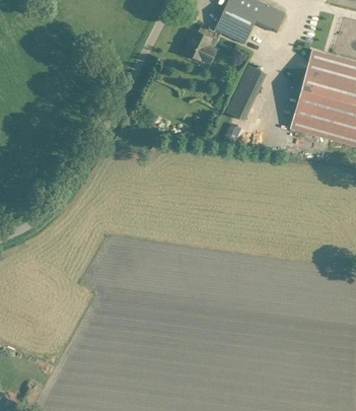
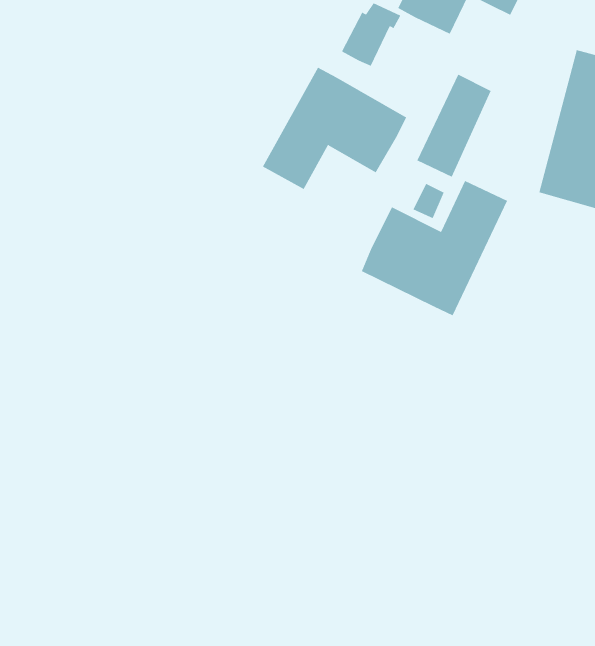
building: none -> [262,67,407,190]
building: none -> [361,180,508,316]

